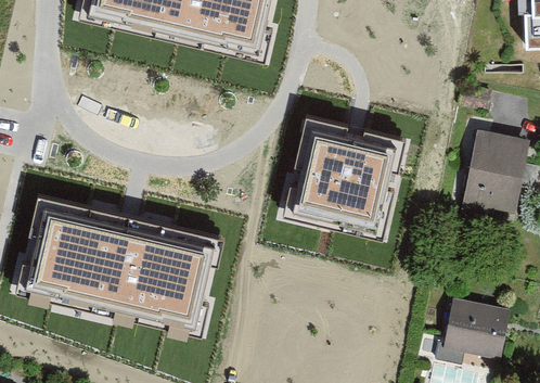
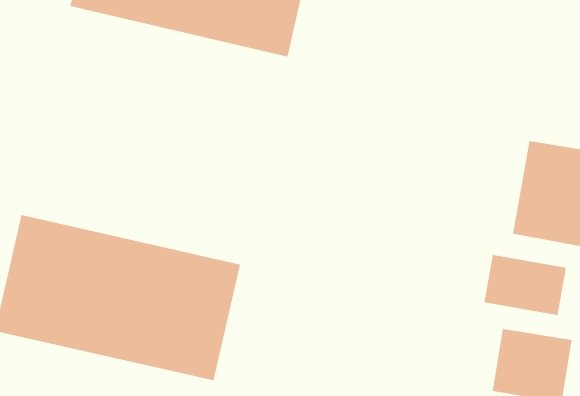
building: [284,117,406,239] -> none
building: none -> [484,254,566,316]

